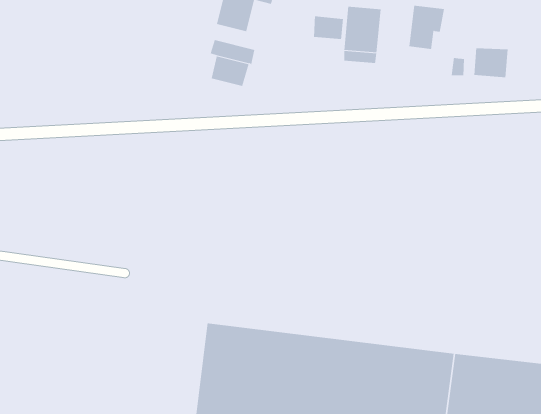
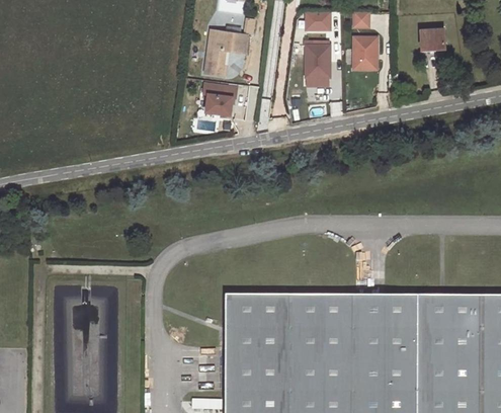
building: [313,16,344,40] -> none
building: [474,48,508,78] -> [417,27,443,51]

